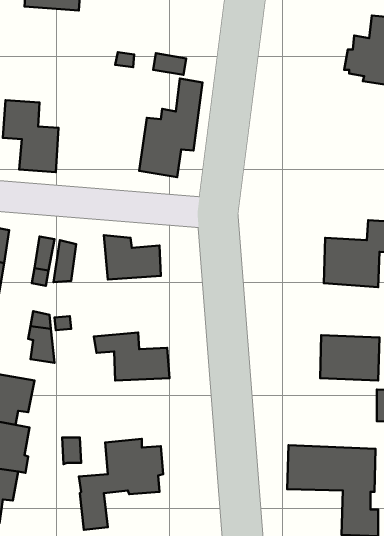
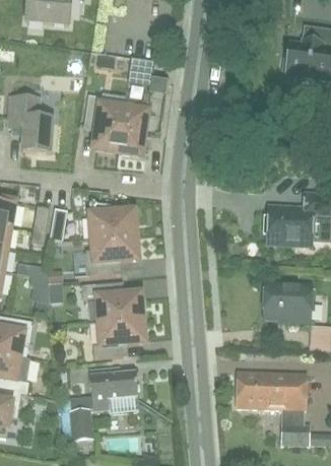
building: none -> [84,95,124,151]
building: none -> [85,236,137,276]
building: none -> [92,318,144,357]

